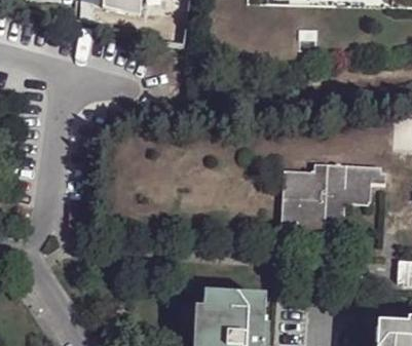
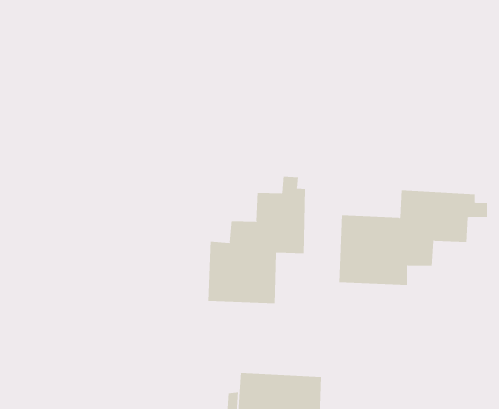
building: none -> [208,176,306,304]

